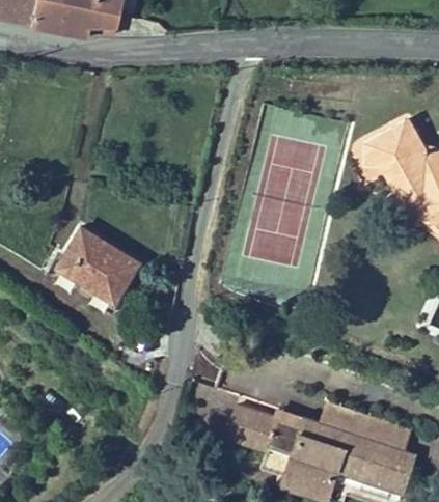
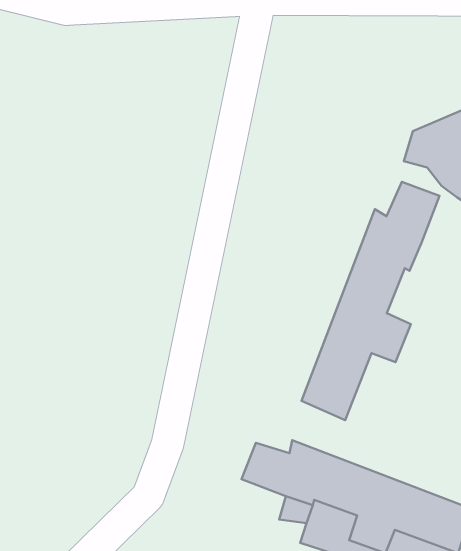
building: none -> [302,182,440,420]
building: [52,226,142,307] -> none

